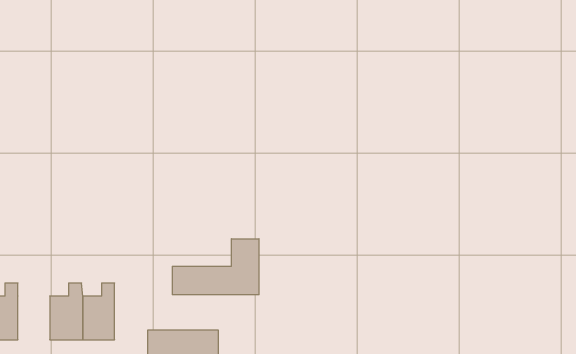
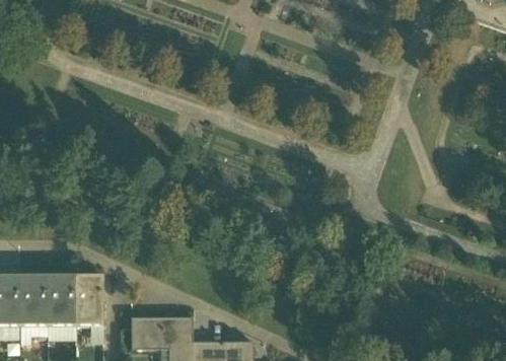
building: [172,239,259,295] -> none
building: none -> [18,277,46,326]

